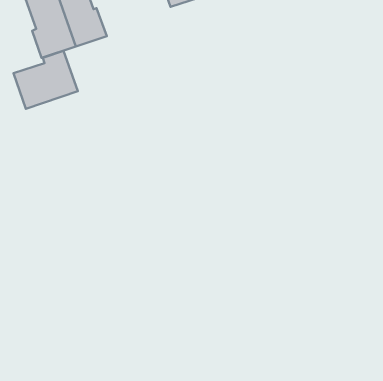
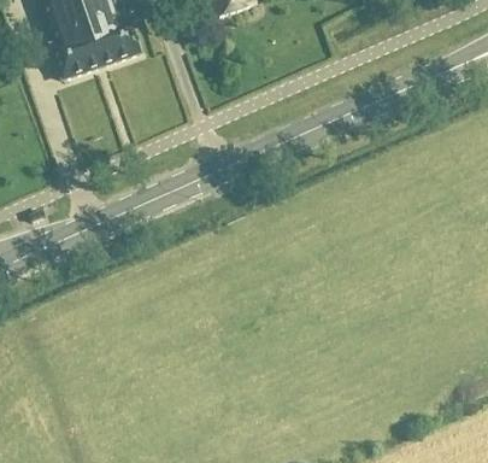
building: [13,51,78,109] -> none

